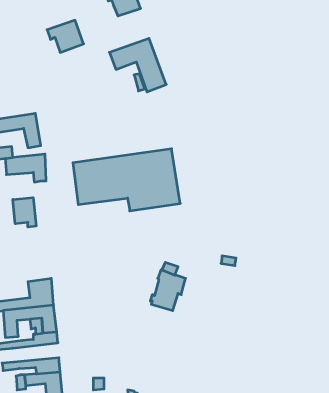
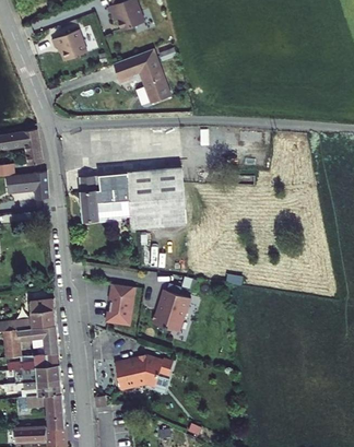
building: [13,198,36,227] -> none
building: none -> [107,283,133,322]
building: none -> [115,357,172,392]
building: none -> [14,363,61,383]

